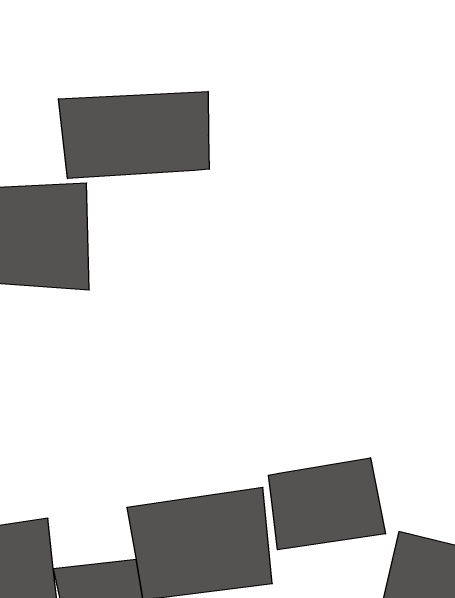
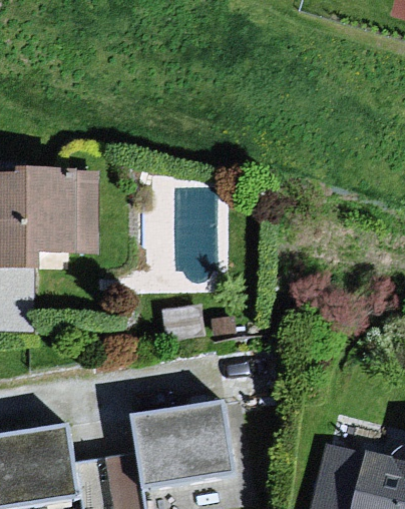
building: [59,91,209,179] -> none
building: [268,458,385,550] -> none

